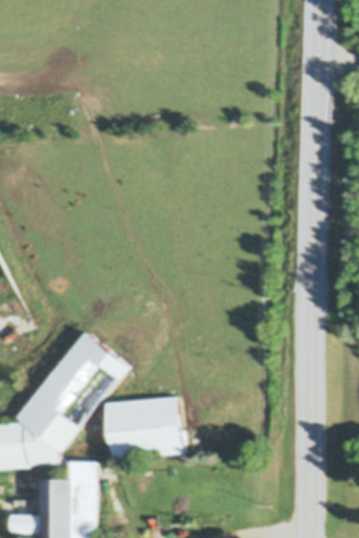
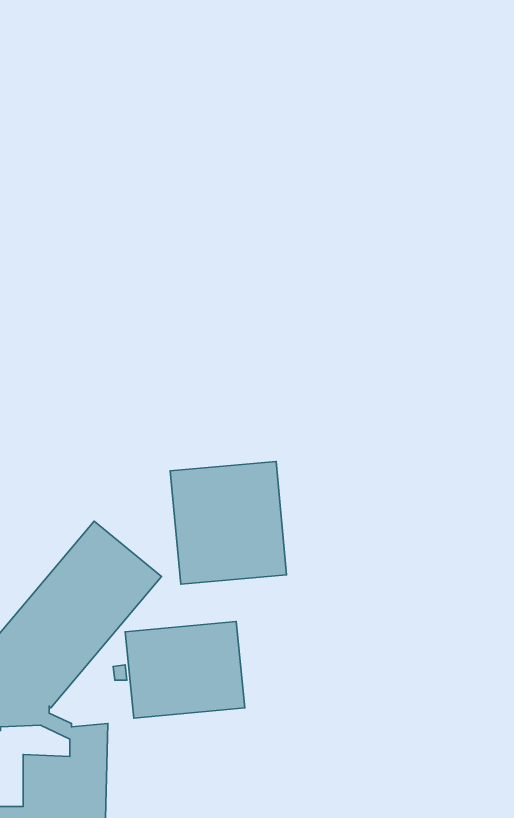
building: none -> [170,461,287,584]

